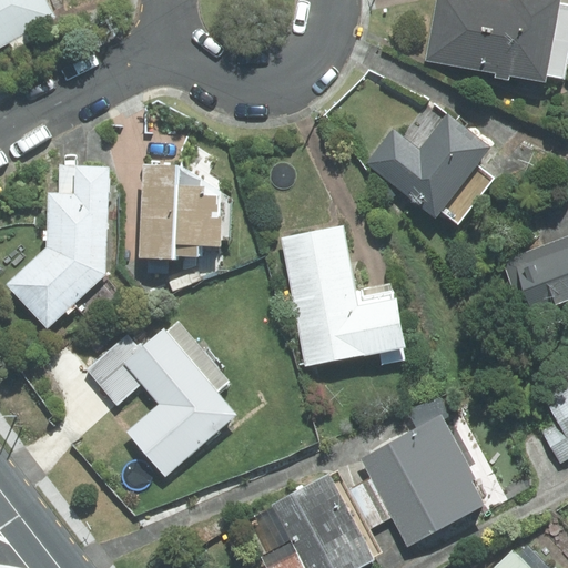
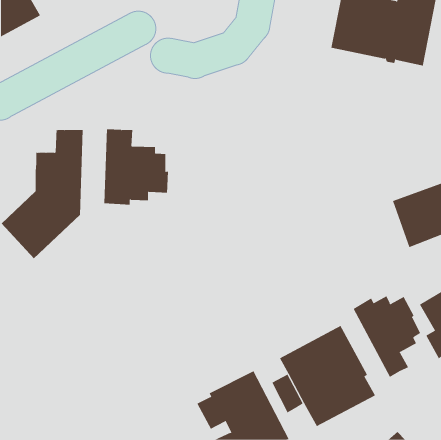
building: [367,112,491,215] -> none
building: [283,225,404,365] -> none
building: [89,320,239,476] -> none
building: none -> [353,295,421,378]

